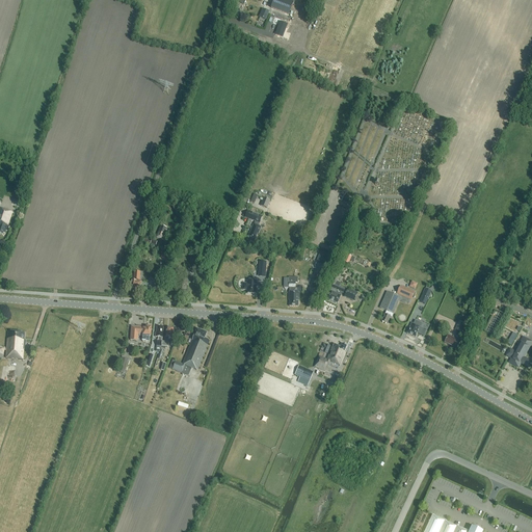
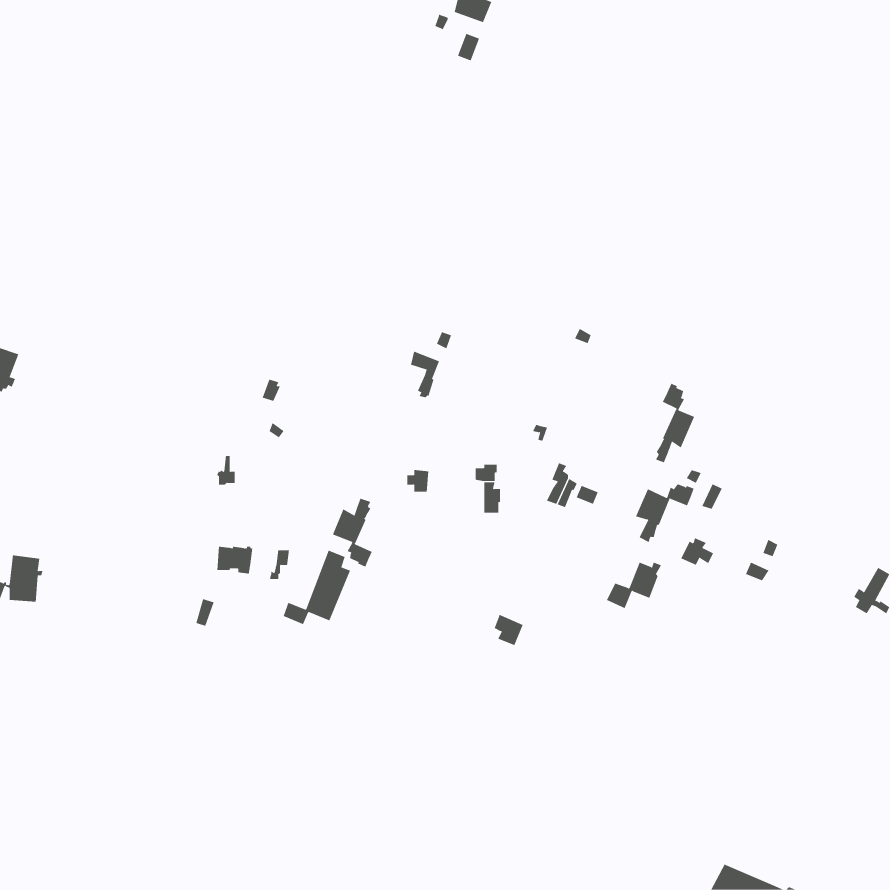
building: none -> [655,383,695,463]
building: none -> [332,498,373,567]
building: [313,343,346,371] -> [606,562,662,609]

